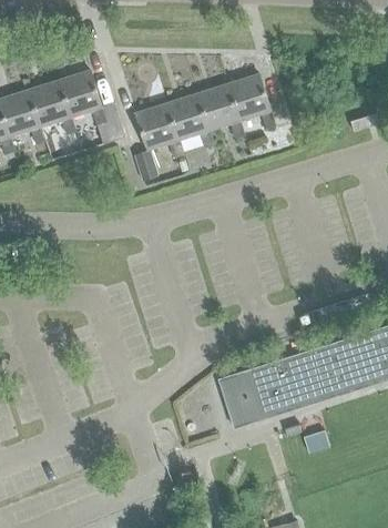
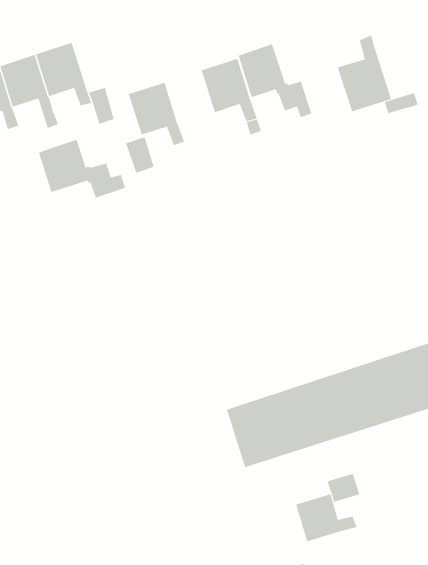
building: none -> [337,35,392,112]
building: [167,94,214,148] -> none
building: none -> [38,139,126,198]
building: none -> [296,493,357,542]

